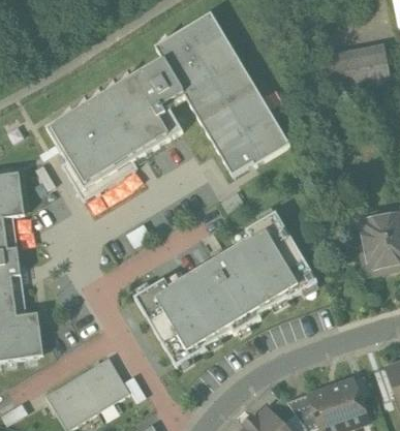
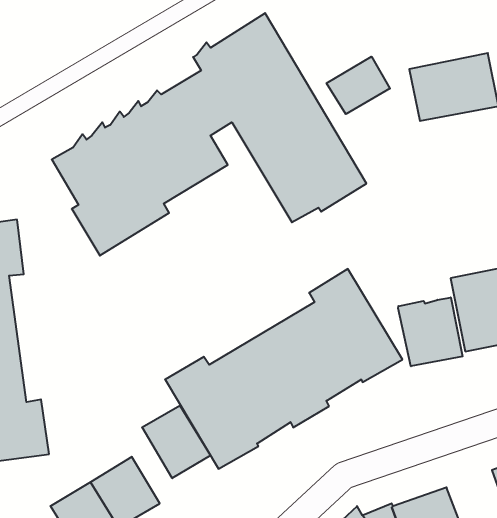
building: none -> [327,57,390,114]
building: none -> [398,297,463,366]
building: none -> [142,406,210,478]

